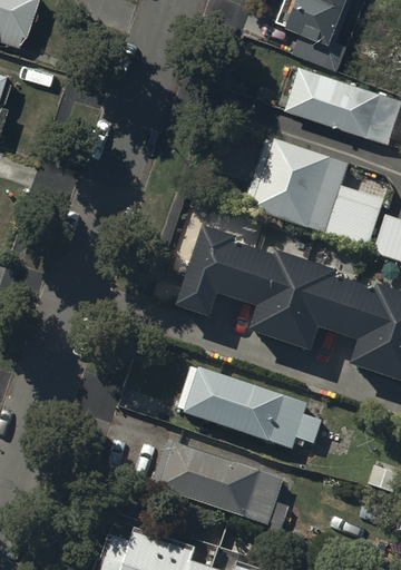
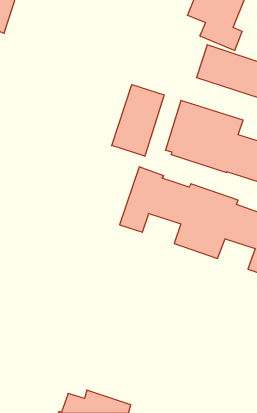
building: none -> [112,85,164,156]
building: [176,365,320,449] -> none
building: [150,441,286,525] -> none

